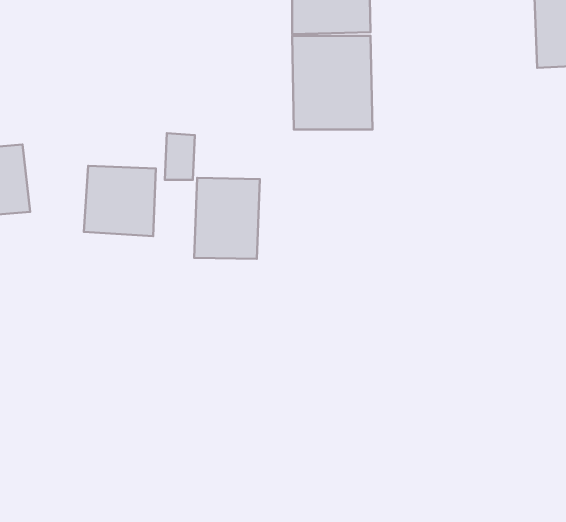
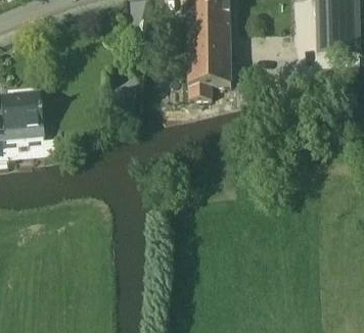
building: [84,166,156,236] -> none
building: [194,178,260,259] -> none

